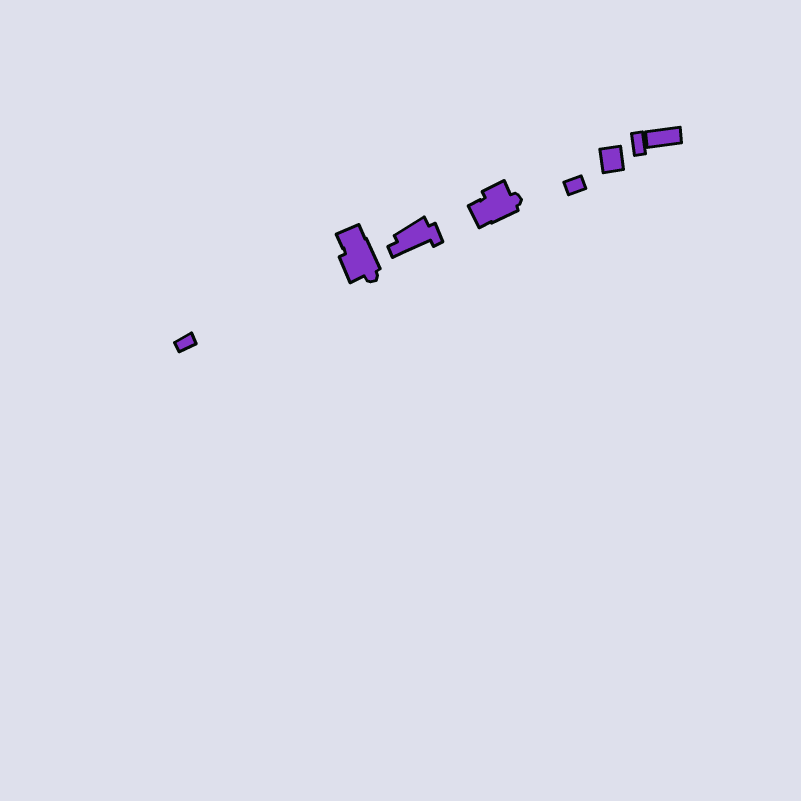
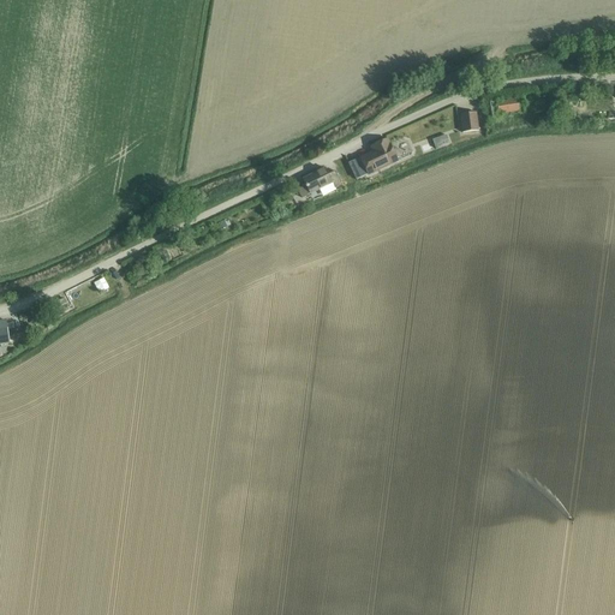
building: [336,224,380,283] -> none

